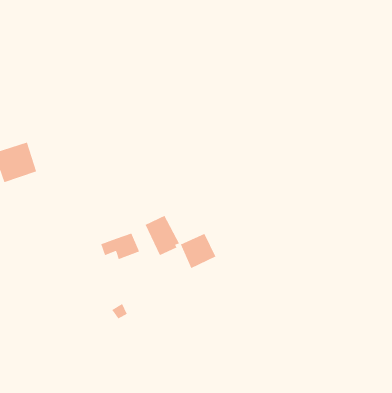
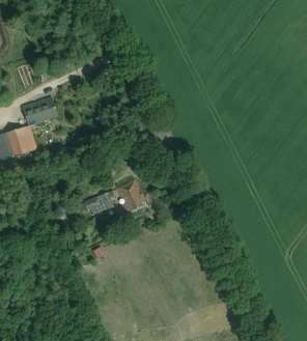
building: none -> [21,97,57,125]
building: [180,233,217,269] -> none

